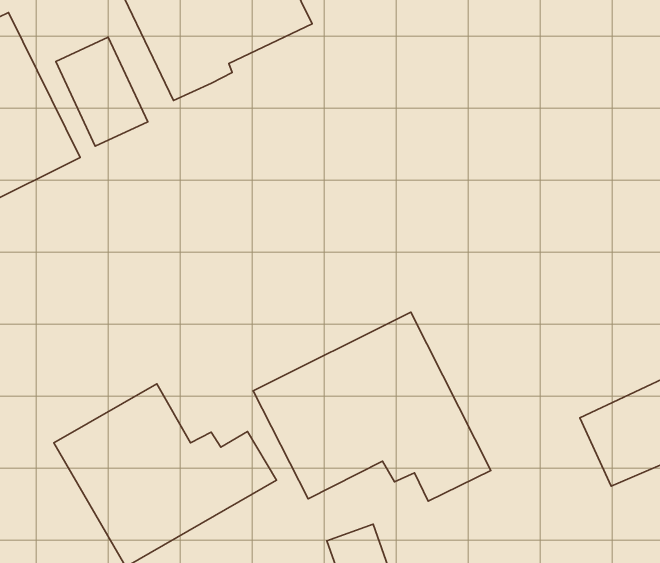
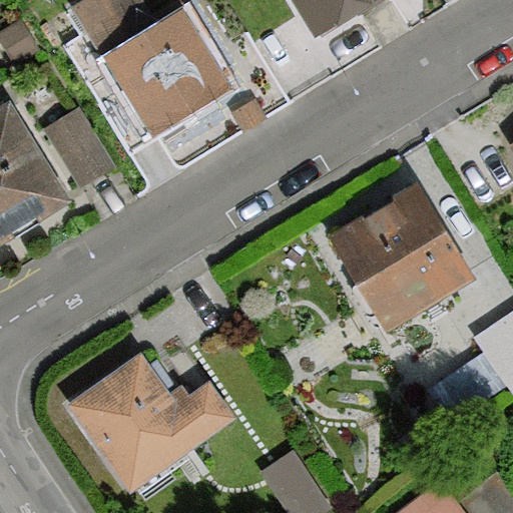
building: none -> [331,184,472,328]
building: [253,312,491,501] -> none

